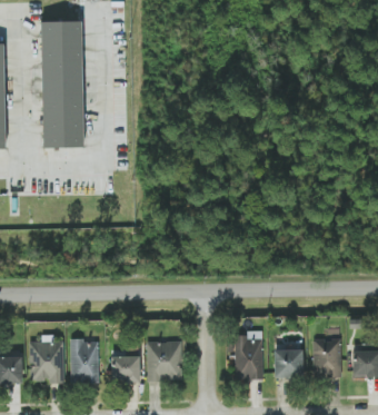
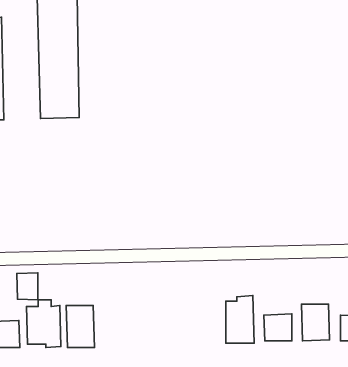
building: none -> [17,273,38,300]
building: [146,342,181,382] -> none
building: [111,356,140,382] -> none

